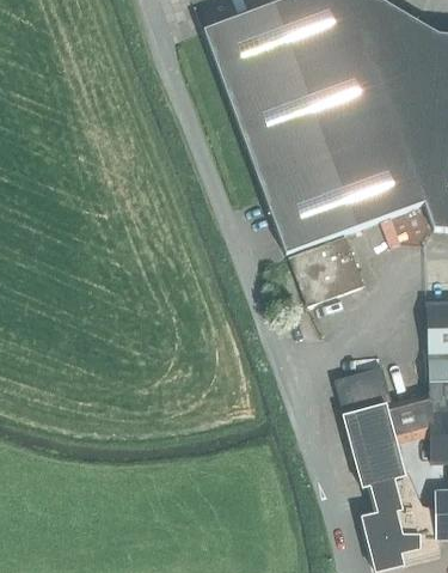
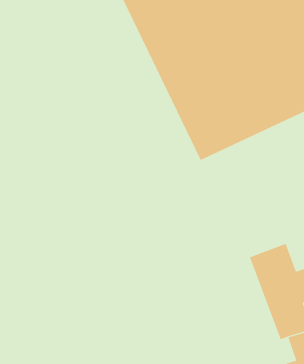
building: [289,233,363,303] -> none

